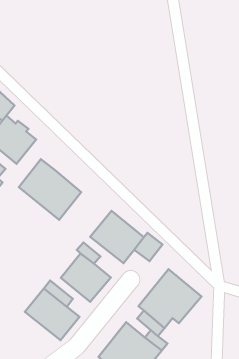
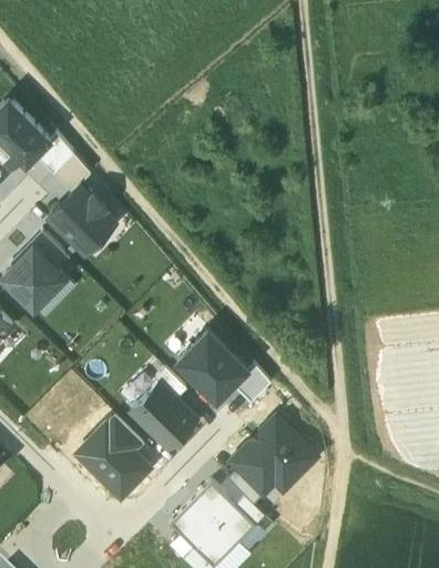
building: [19,159,81,220] -> none

